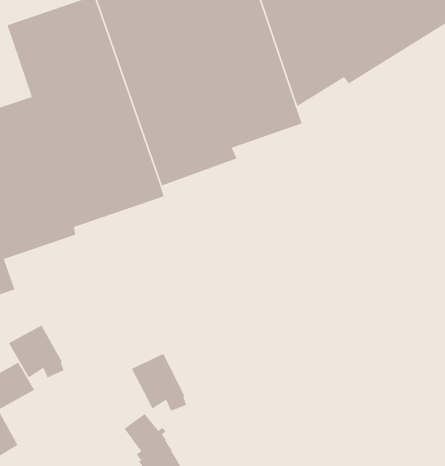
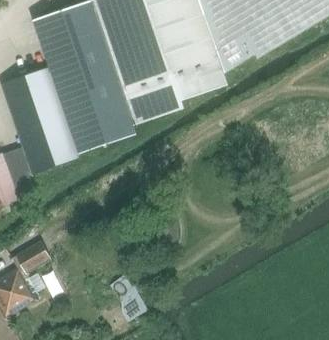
building: [8,324,65,379] -> none
building: [131,353,187,412] -> none

